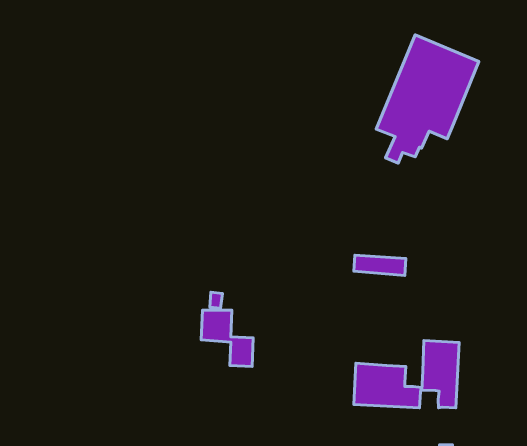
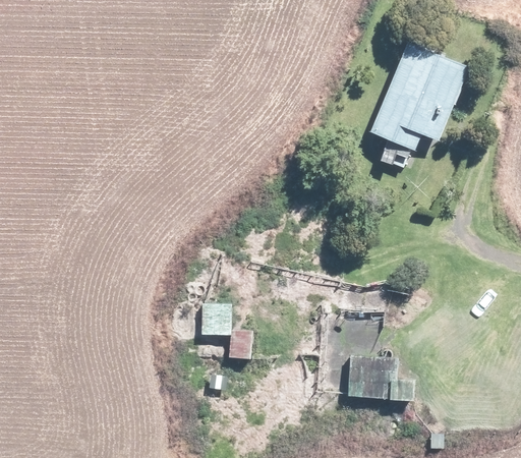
building: [422,341,459,408] -> none

